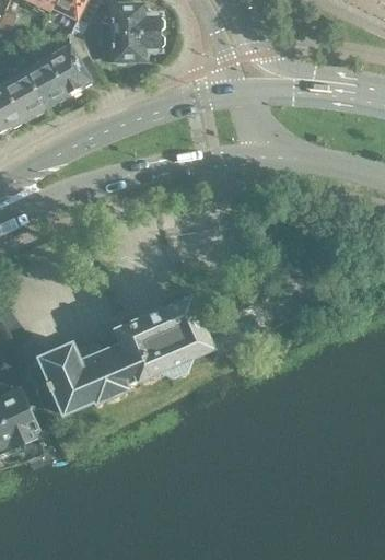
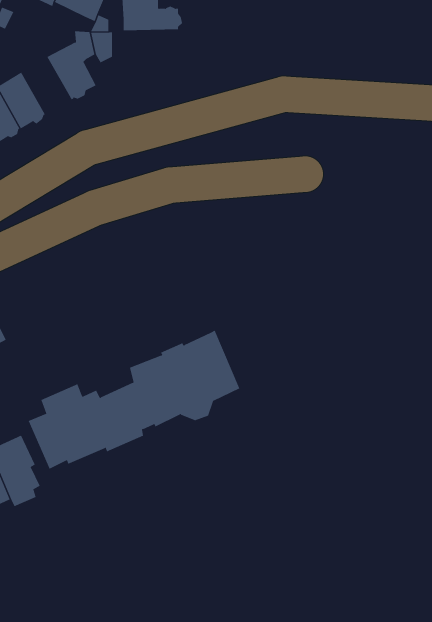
building: [110,32,163,63] -> none
building: [22,56,66,106] -> none

